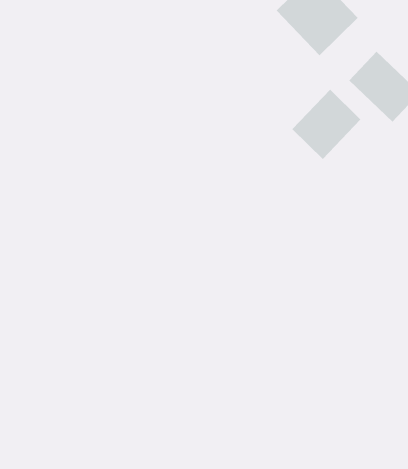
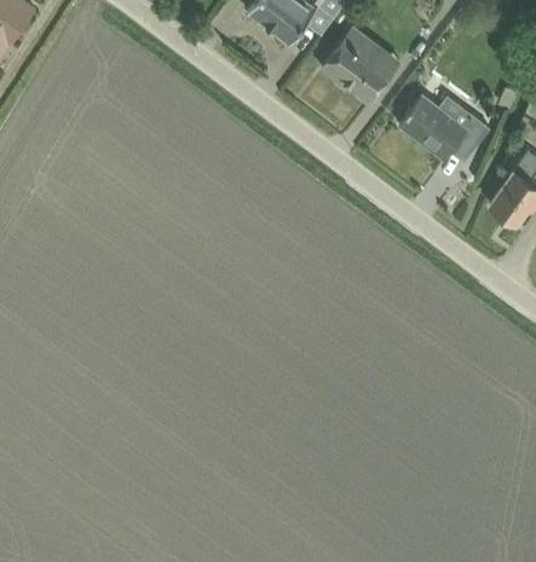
building: [292,89,361,160] -> none

